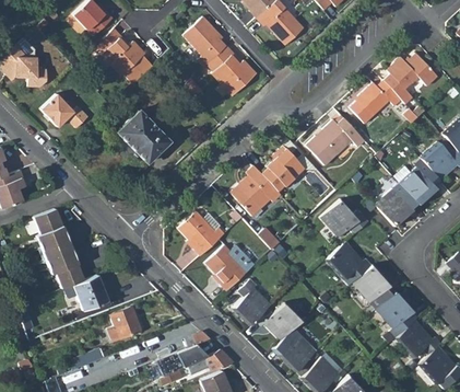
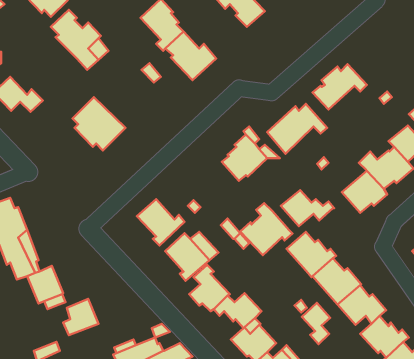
building: [382,51,436,103] -> none
building: [231,165,281,216] -> [240,203,292,255]
building: none -> [302,303,330,344]

